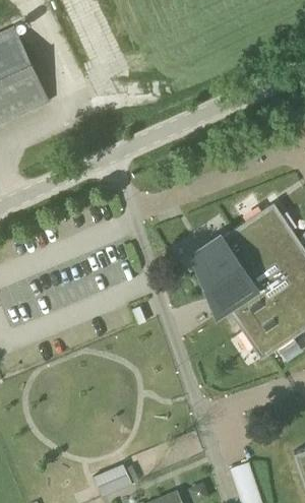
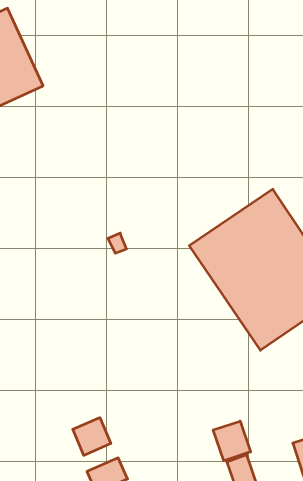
building: none -> [73,418,111,455]
building: none -> [213,421,251,461]

